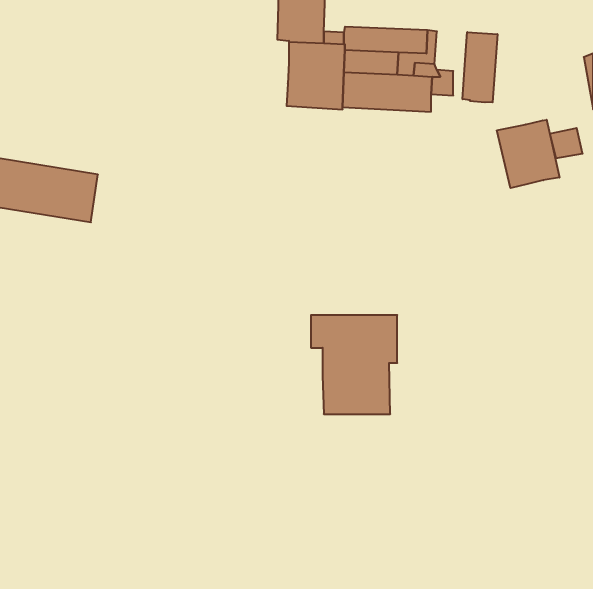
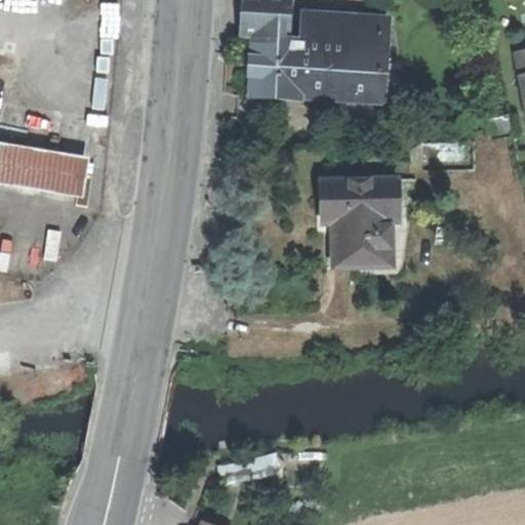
building: [463,32,497,102] -> none
building: [497,120,559,188] -> none
building: [311,315,397,414] -> [322,180,398,268]

